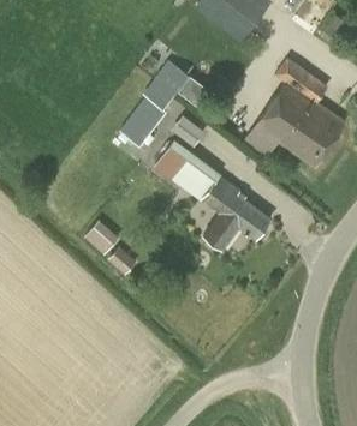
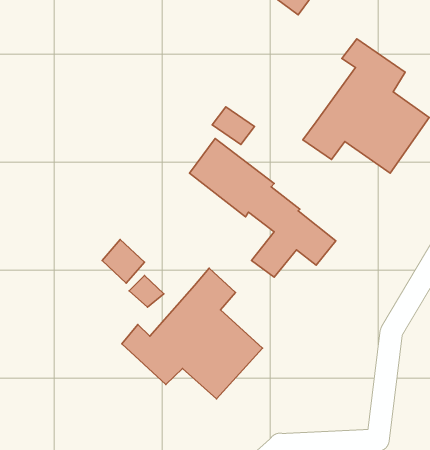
building: [119,67,184,146] -> none
building: none -> [122,268,263,399]

